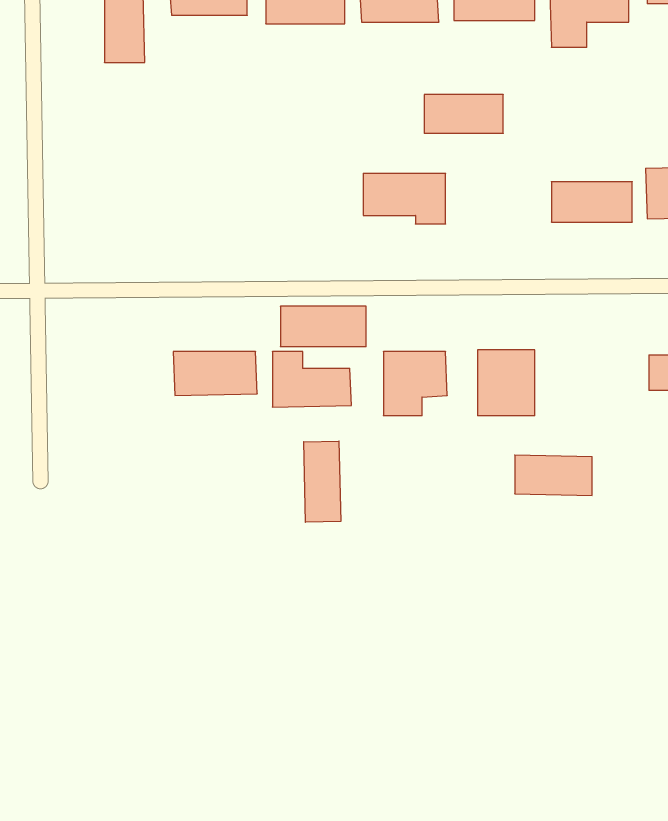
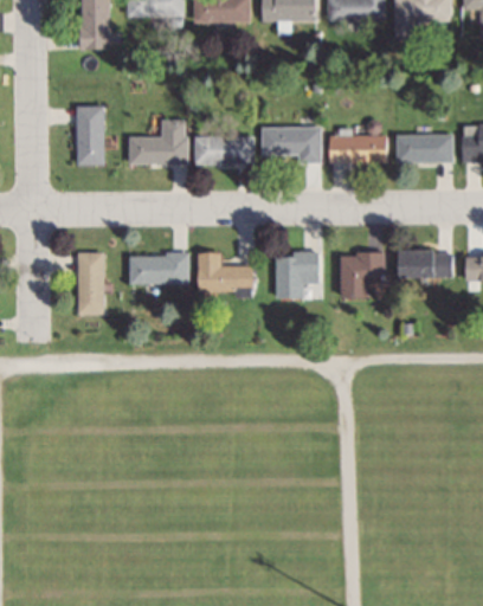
building: [424,95,503,133] -> [330,134,386,161]
building: none -> [77,104,103,165]
building: none -> [129,118,186,163]
building: [280,306,366,347] -> [194,135,255,163]
building: none -> [77,251,104,314]
building: [304,441,341,522] -> none
building: [515,455,592,495] -> [399,249,453,277]

